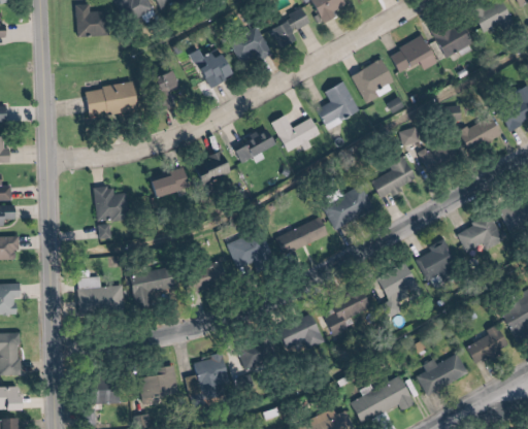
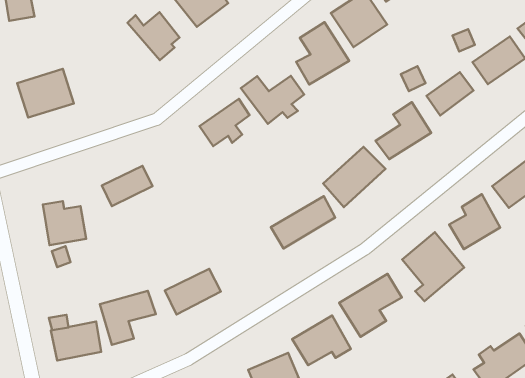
building: [148,69,178,108] -> none
building: [191,150,229,184] -> none
building: [226,229,272,270] -> none

